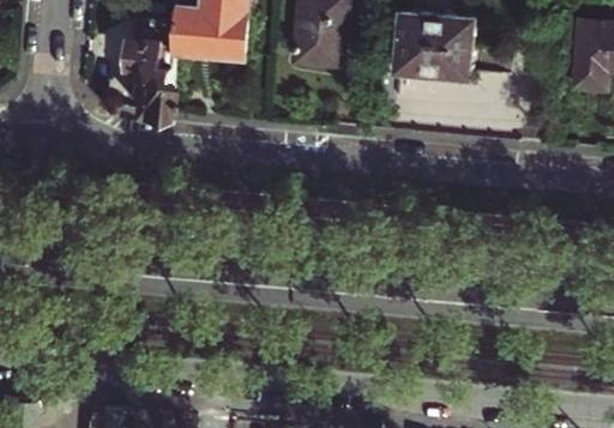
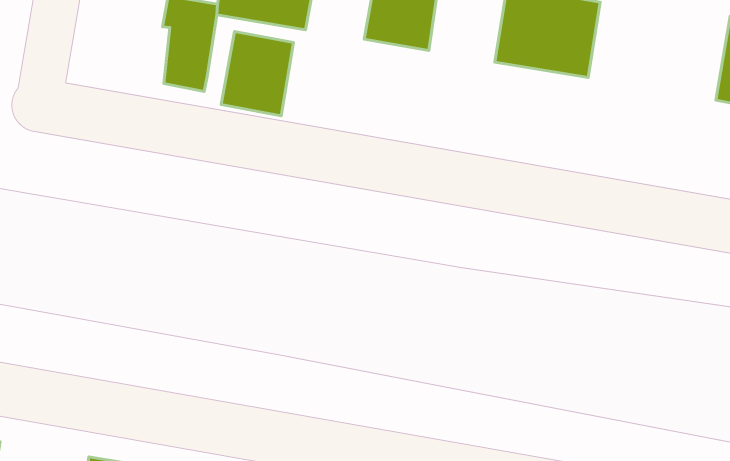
building: none -> [221,32,293,116]

